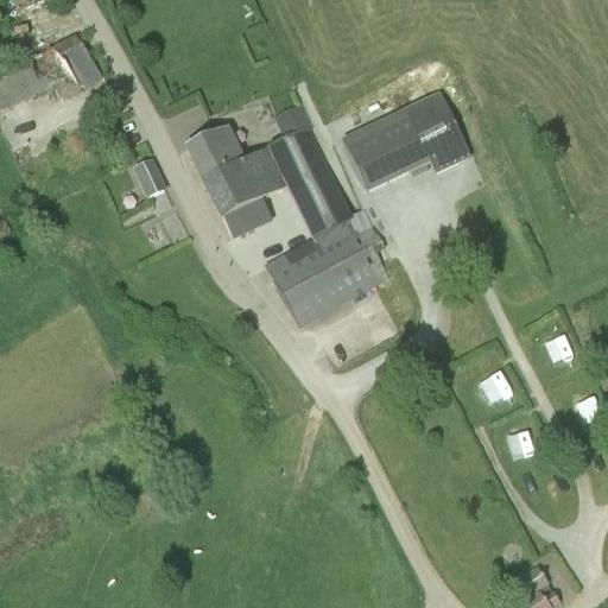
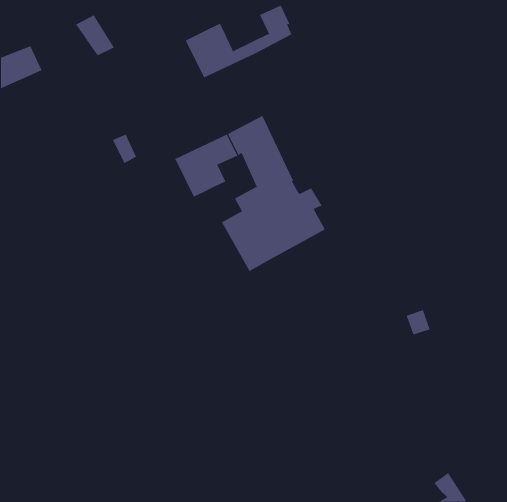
building: [53,36,101,86] -> [75,15,115,56]
building: [341,88,461,190] -> none
building: [186,102,315,190] -> [185,5,292,78]

